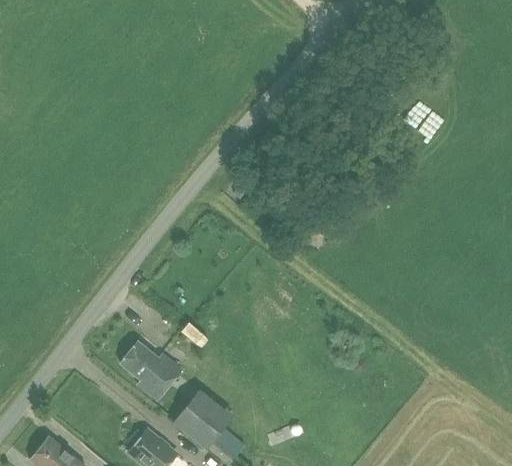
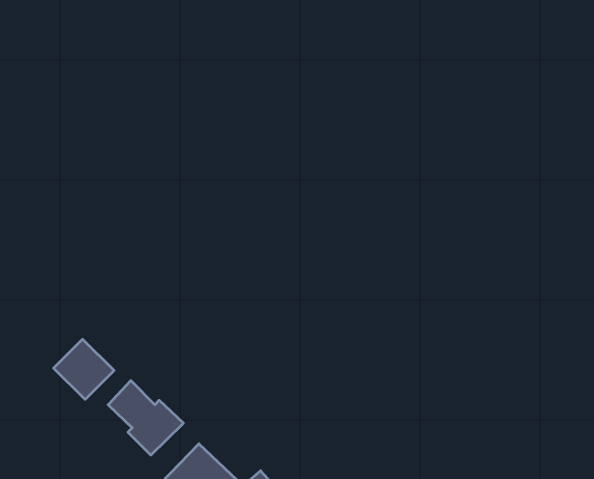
building: none -> [54,339,114,399]

